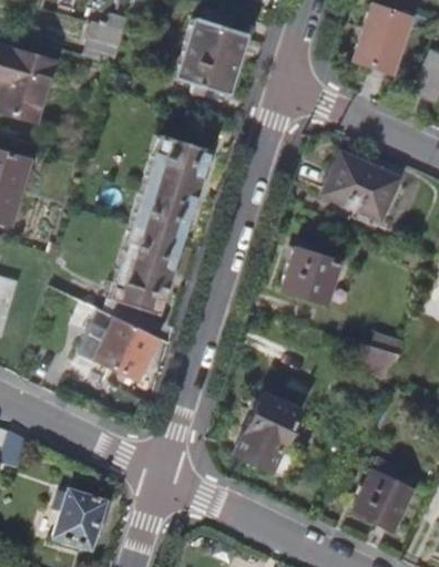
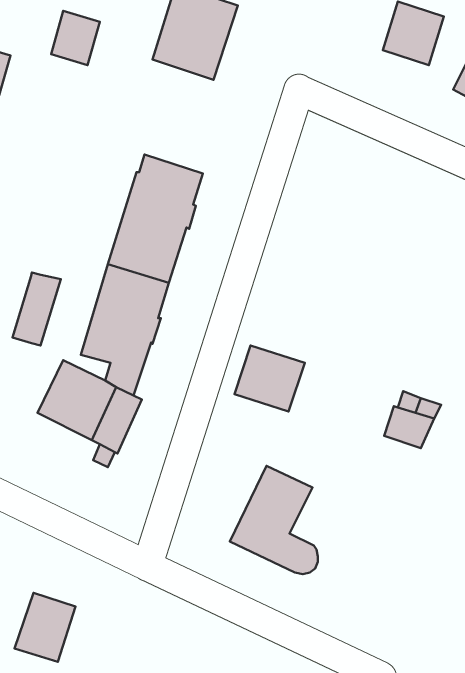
building: [324,152,401,219] -> none
building: none -> [13,272,61,345]
building: [280,248,338,302] -> [234,345,305,412]
building: [354,460,412,530] -> none

